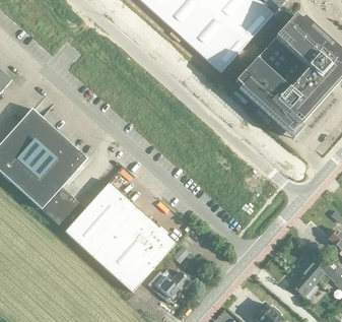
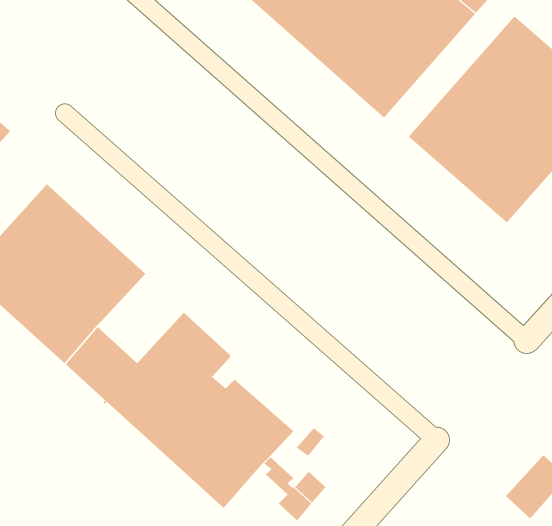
building: [126,206,177,248] -> none

